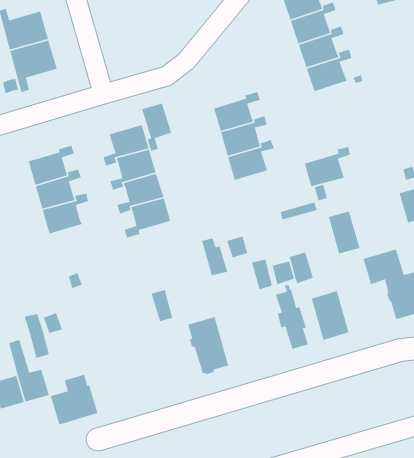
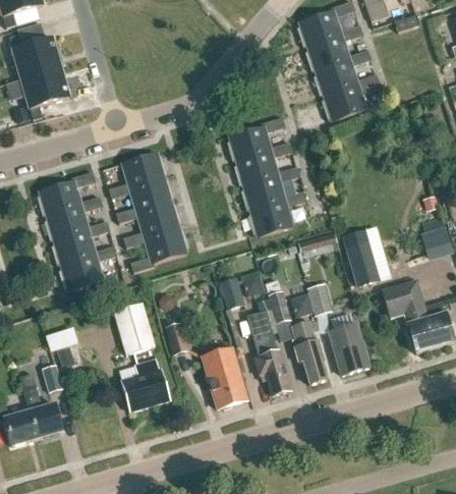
building: [141,102,172,152] -> none
building: [304,146,351,187] -> [250,193,298,234]
building: none -> [61,246,109,290]
building: none -> [113,303,155,354]
building: none -> [247,309,289,394]
building: [50,374,99,426] -> [120,358,170,410]

